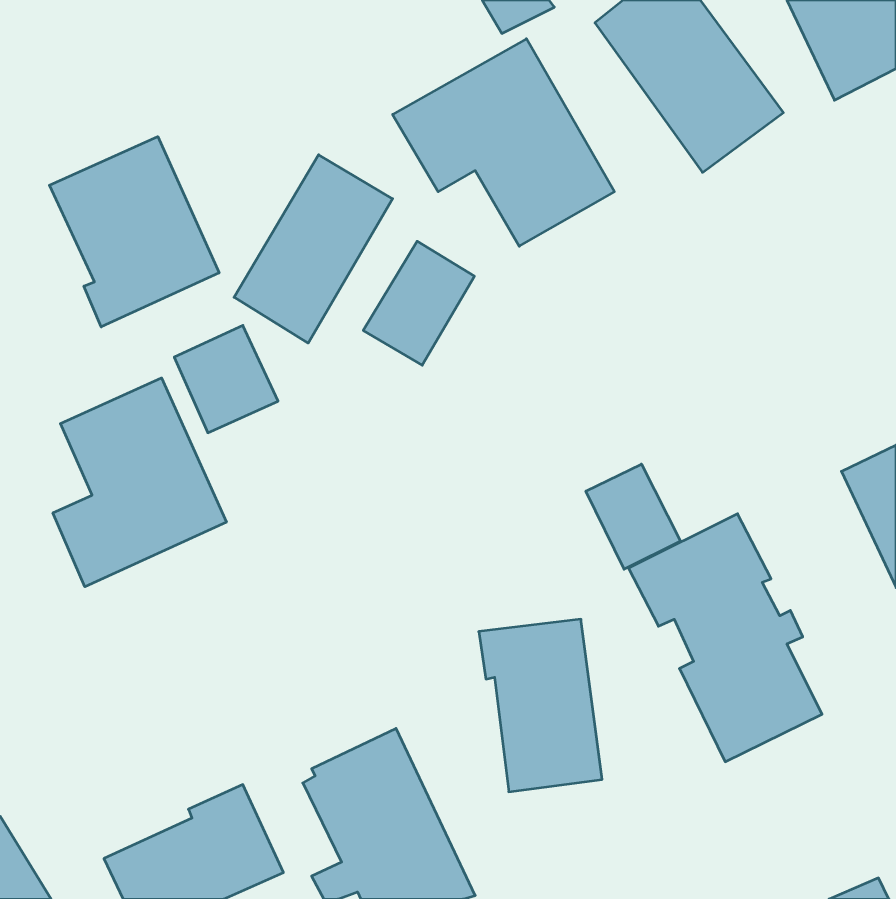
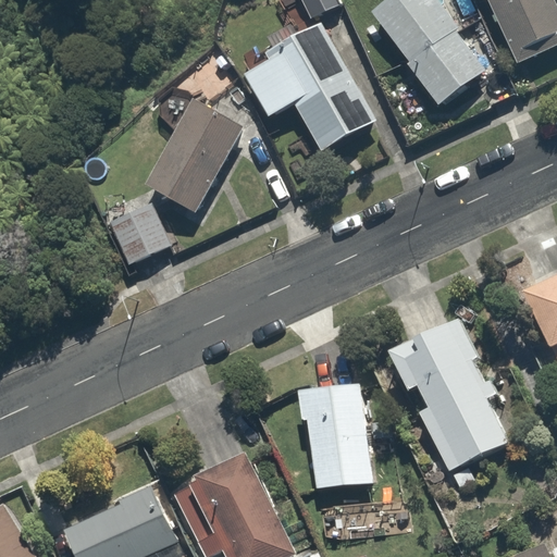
building: [49,137,219,327] -> none
building: [363,241,474,365] -> none
building: [53,378,226,587] -> none
building: [586,464,680,569] -> none

